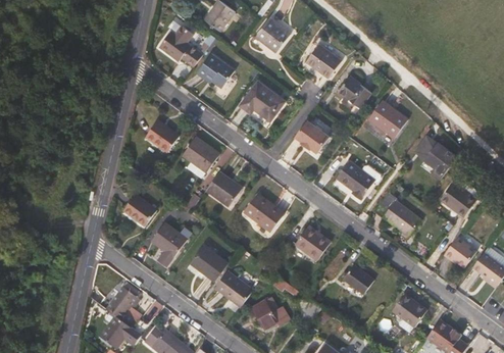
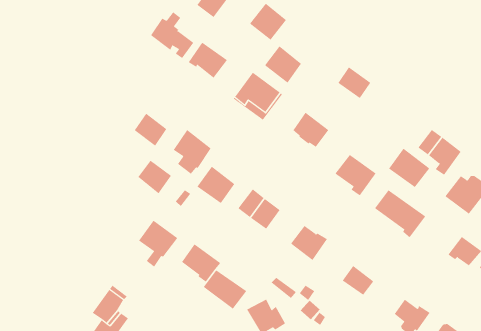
building: [305,42,341,78] -> [264,46,302,83]
building: [367,99,407,137] -> [388,148,430,188]
building: [122,193,155,225] -> [137,160,172,194]

